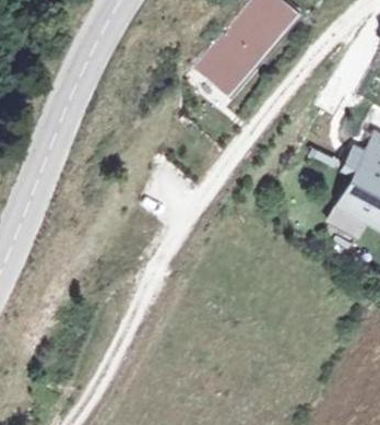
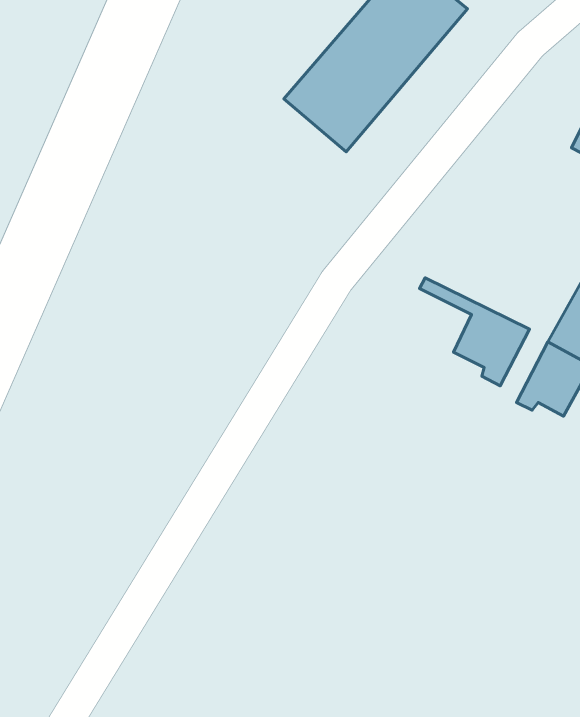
building: none -> [419,278,529,386]

